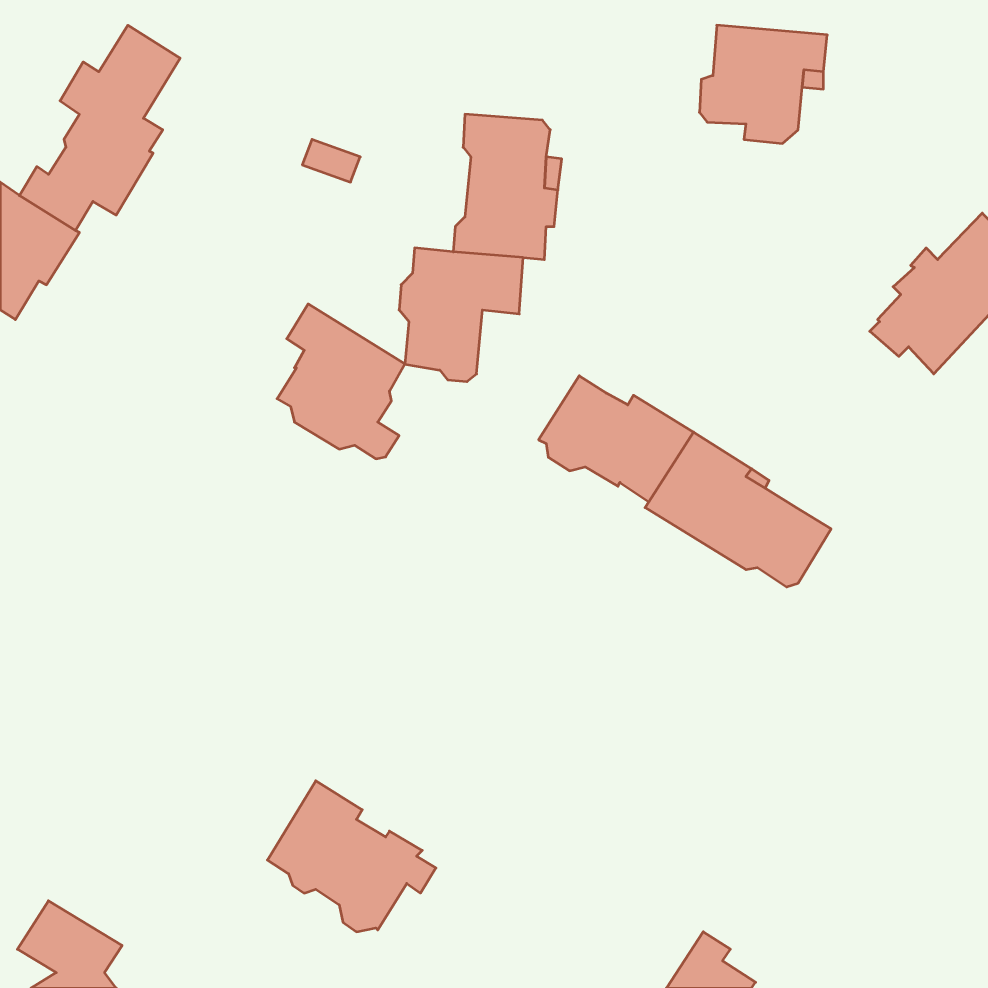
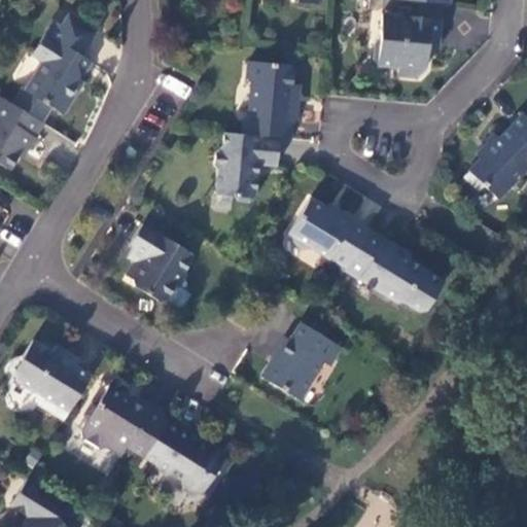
building: [277,304,405,459] -> [126,223,194,306]
building: none -> [261,322,341,399]
building: none -> [15,340,91,419]
building: none -> [80,386,169,457]

